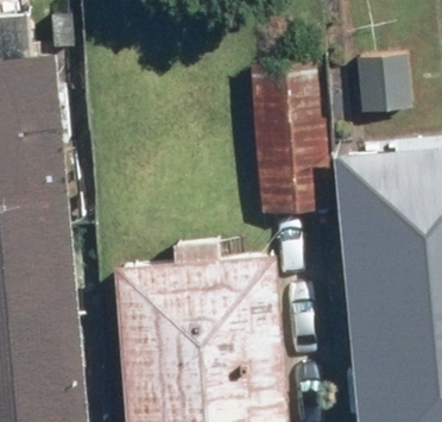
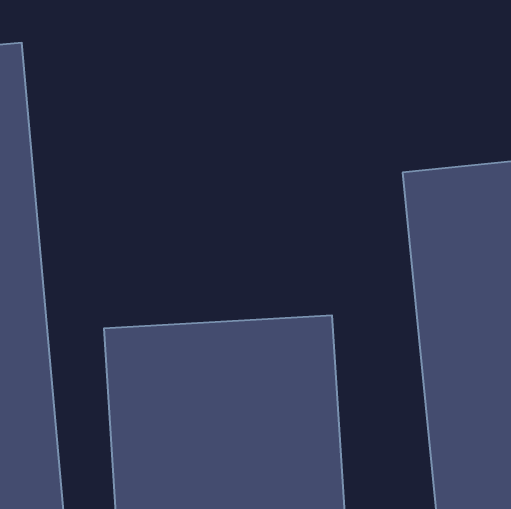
building: [248,62,329,212] -> none

